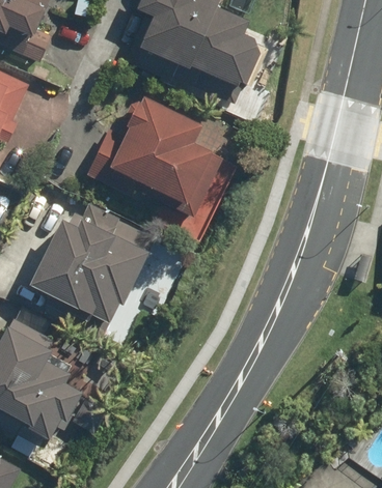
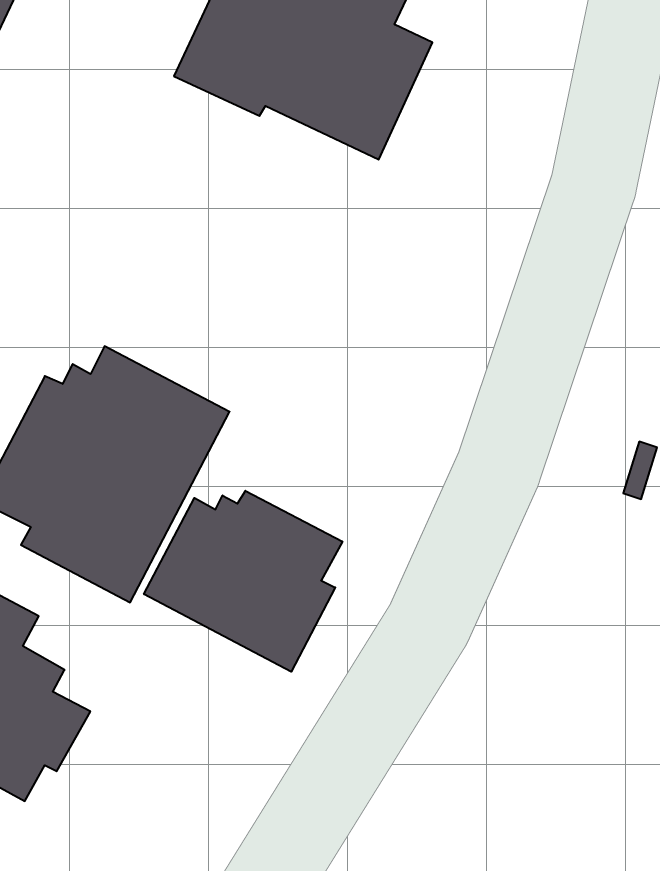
building: [84,93,223,219] -> none
building: none -> [144,491,342,672]

